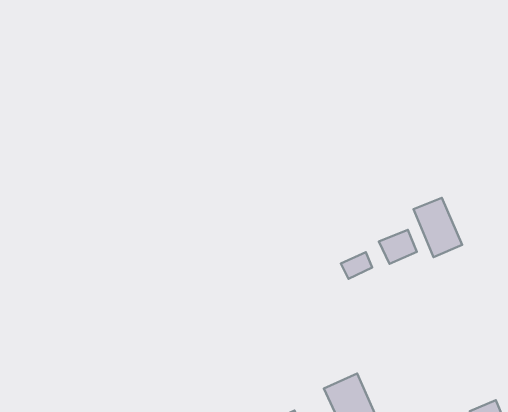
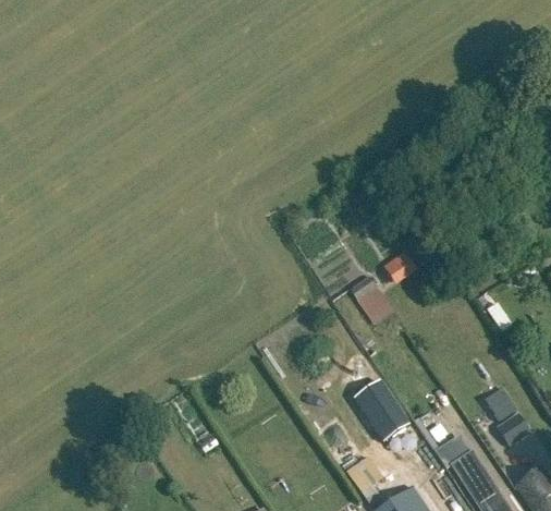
building: [413,198,462,257] -> none

